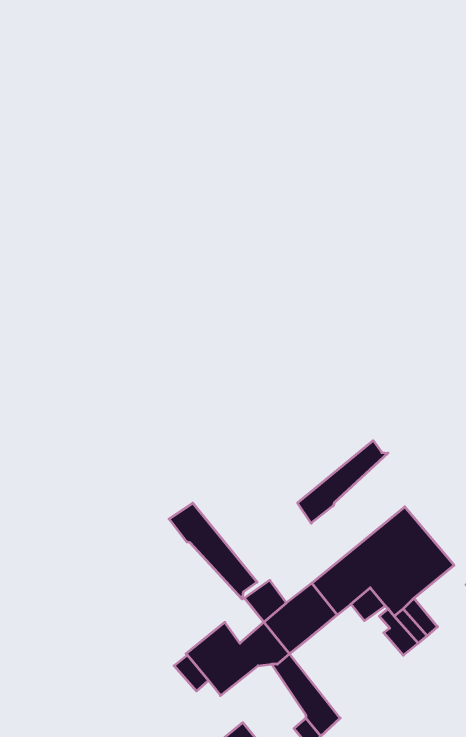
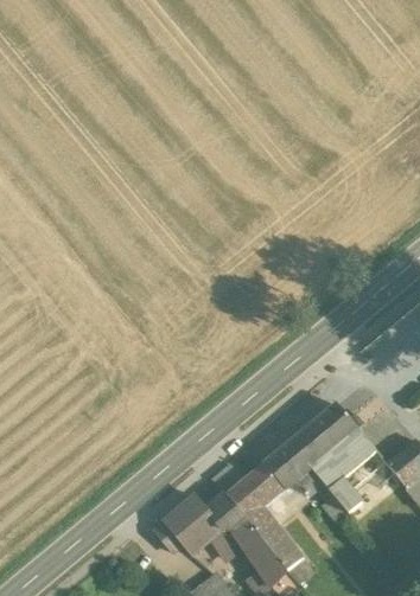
building: [298,441,388,523] -> none
building: [169,503,257,599] -> none
building: none -> [246,505,303,570]

